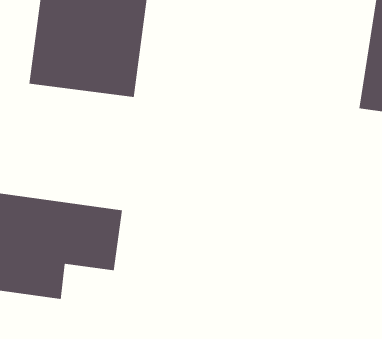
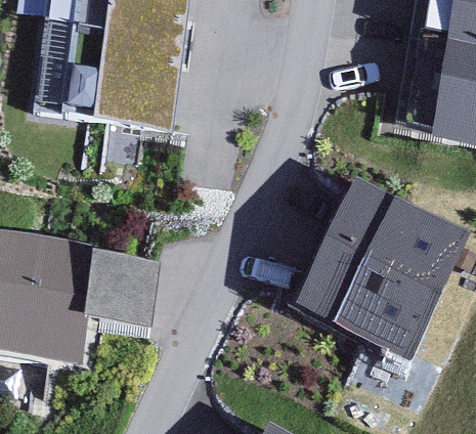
building: none -> [305,188,462,351]

